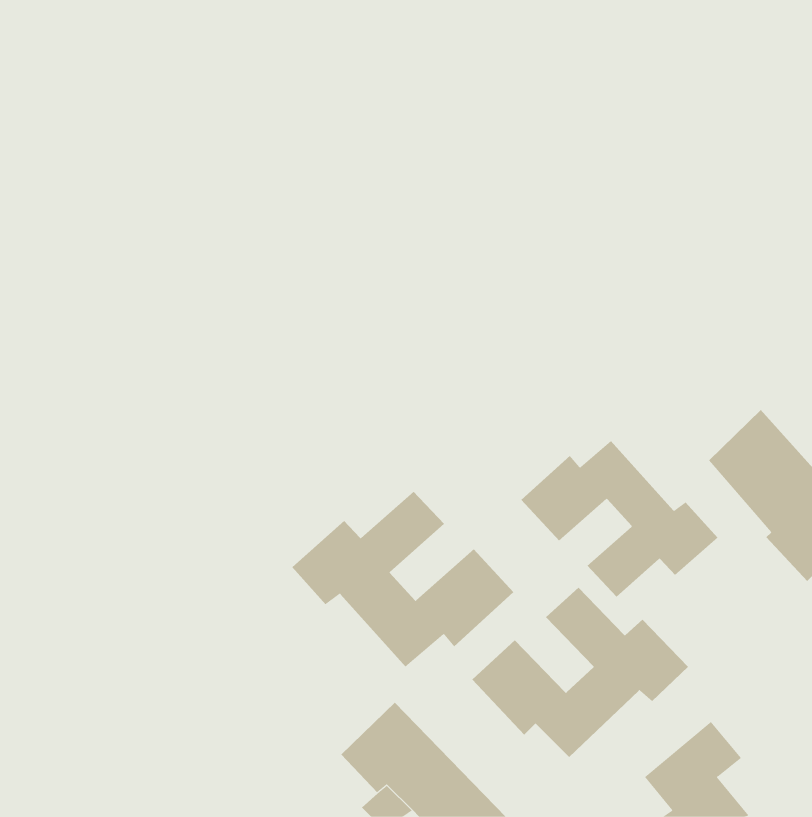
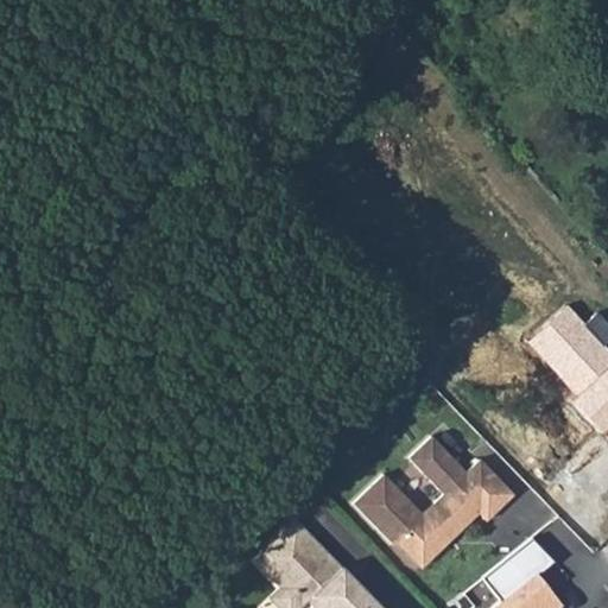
building: [521,440,718,597] -> none
building: [291,491,514,668] -> none

